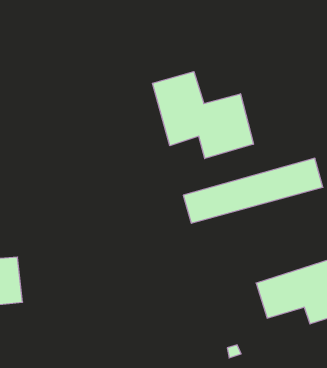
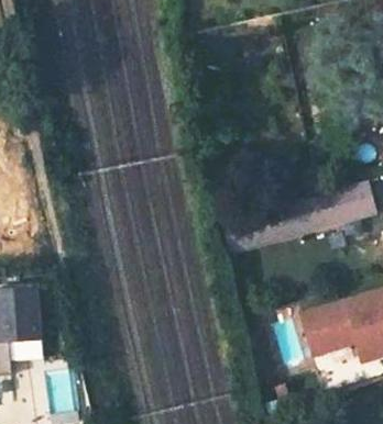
building: [152,72,253,159] -> none

